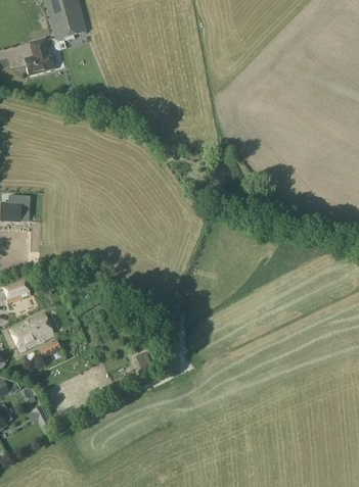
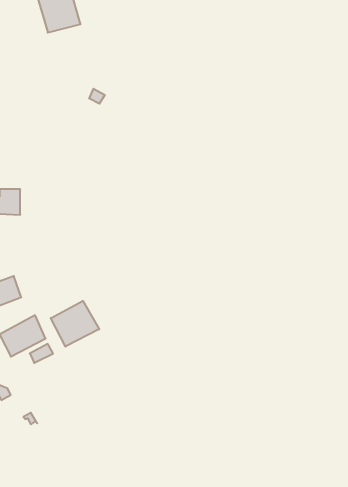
building: [25,37,53,74] -> none
building: none -> [51,301,99,347]

